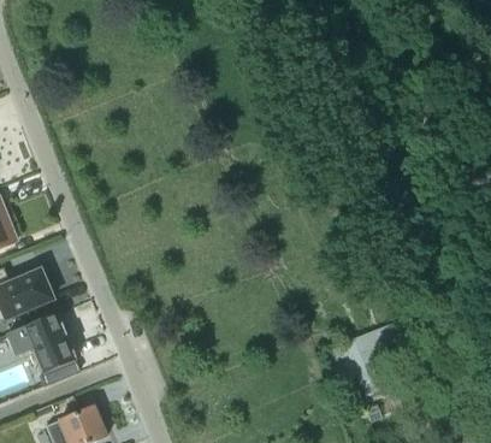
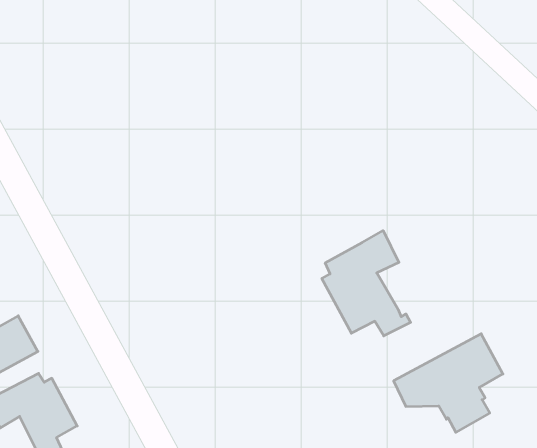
building: none -> [322,231,411,336]

